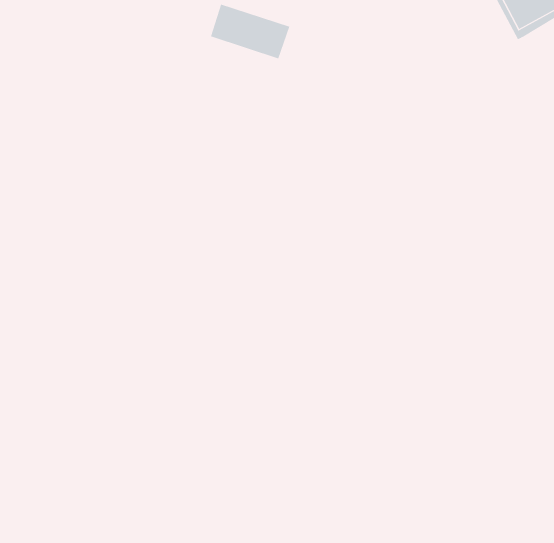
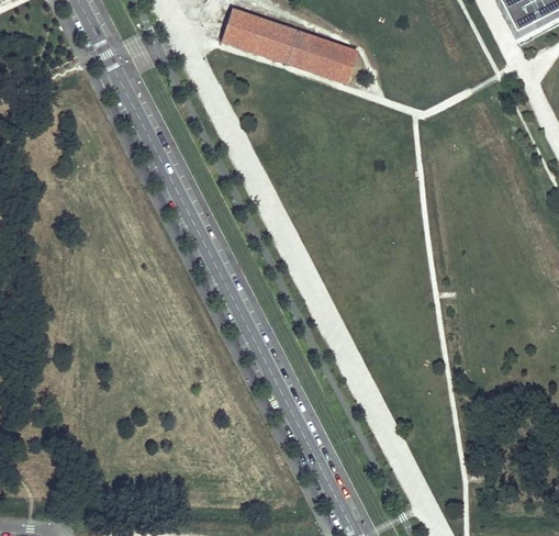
building: none -> [289,31,358,82]

